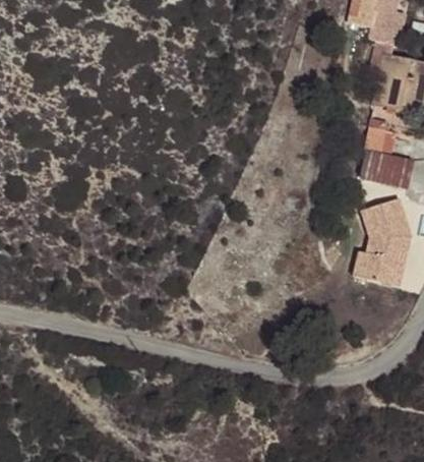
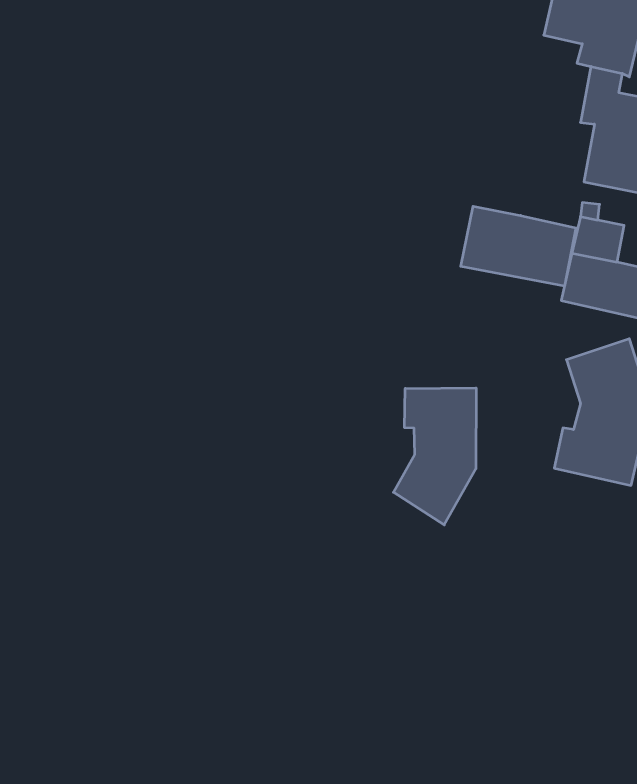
building: none -> [461,206,576,286]
building: none -> [393,388,476,525]

